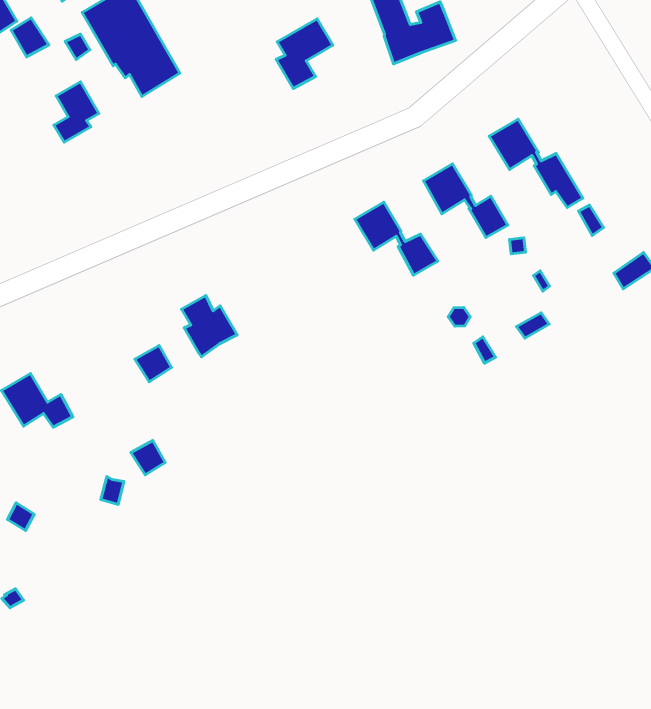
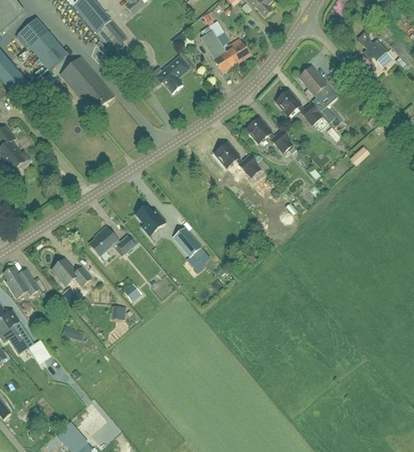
building: [54,82,99,142] -> none
building: none -> [297,65,333,122]
building: none -> [89,225,117,254]
building: none -> [172,227,203,272]

